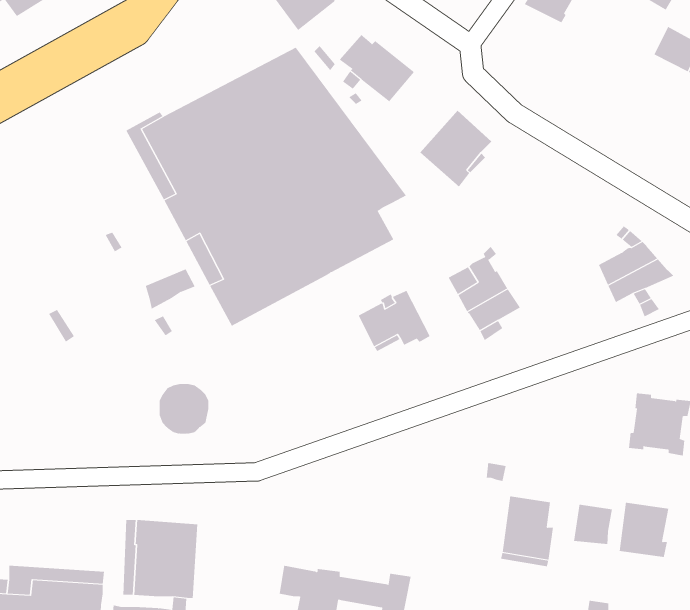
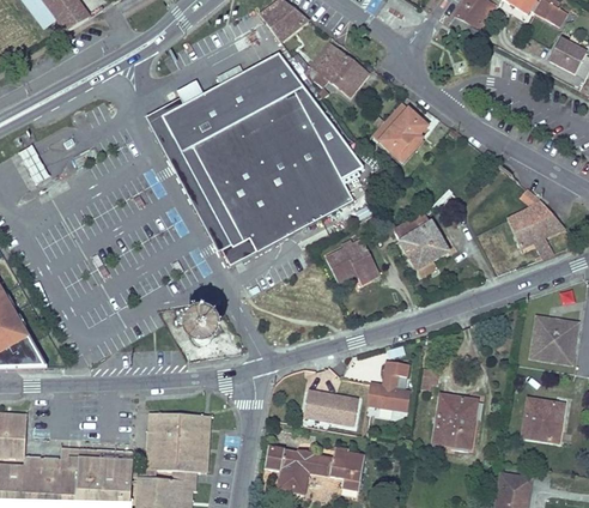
building: [145,268,195,310] -> none
building: none -> [369,357,412,409]
building: none -> [304,386,359,423]
building: [574,504,612,545] -> none

